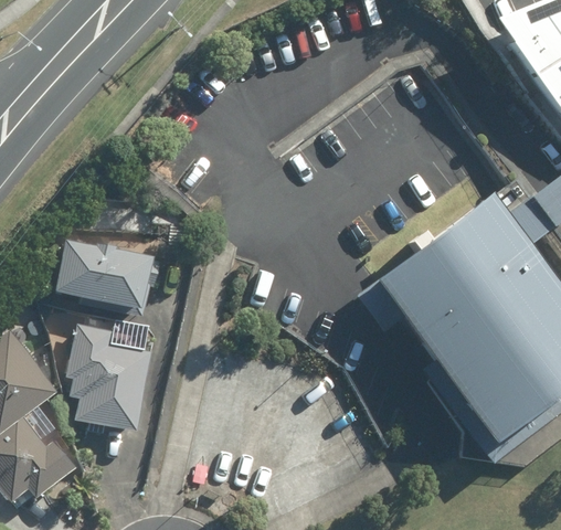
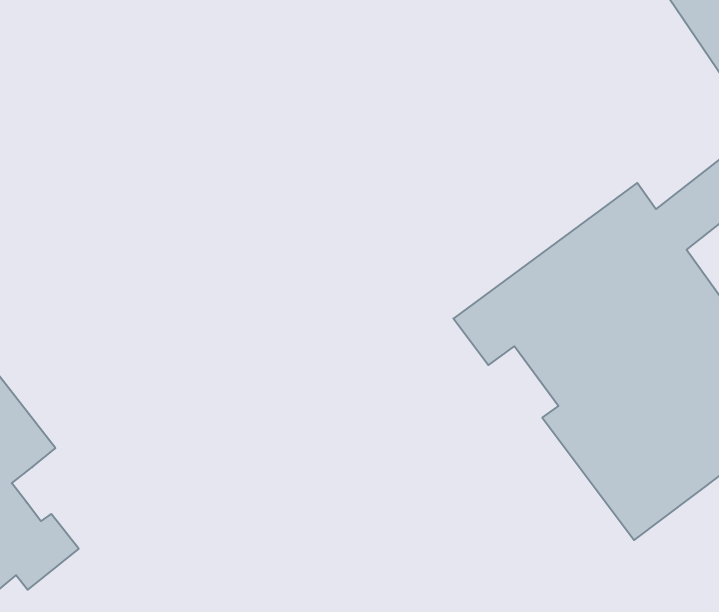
building: [56,240,150,308] -> none
building: [70,322,150,432] -> none

